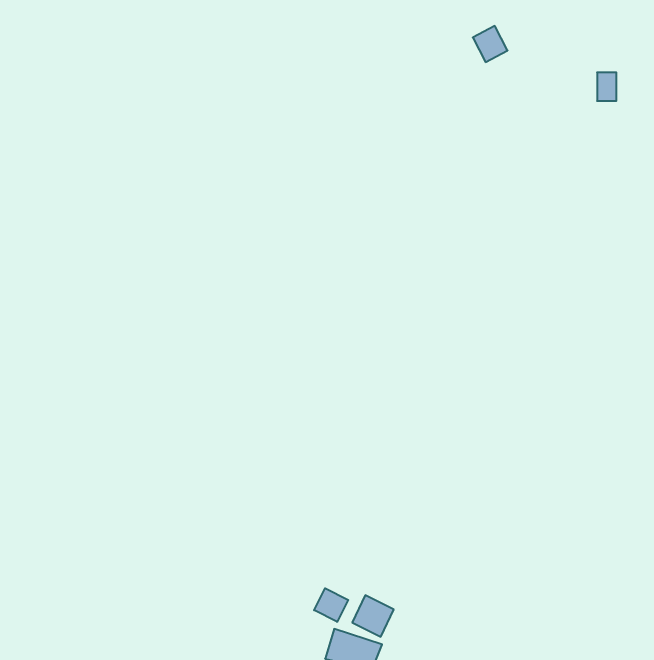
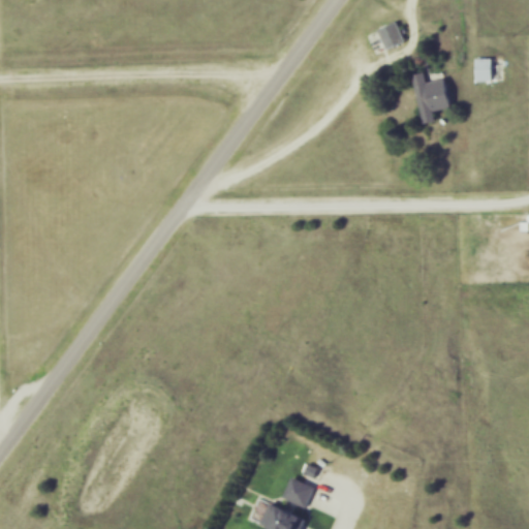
building: none -> [412,73,449,125]
building: [314,588,348,622] -> none

